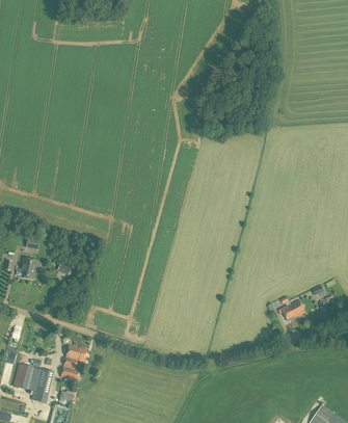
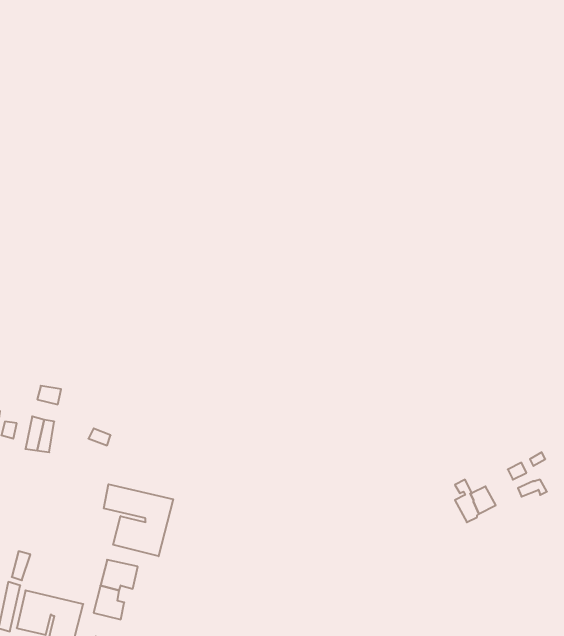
building: none -> [104,484,173,556]

